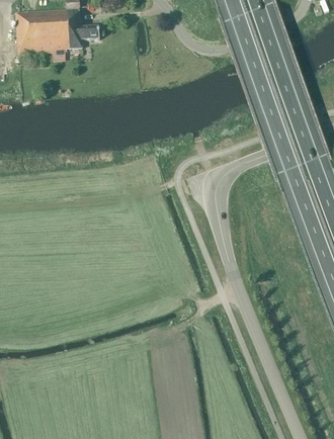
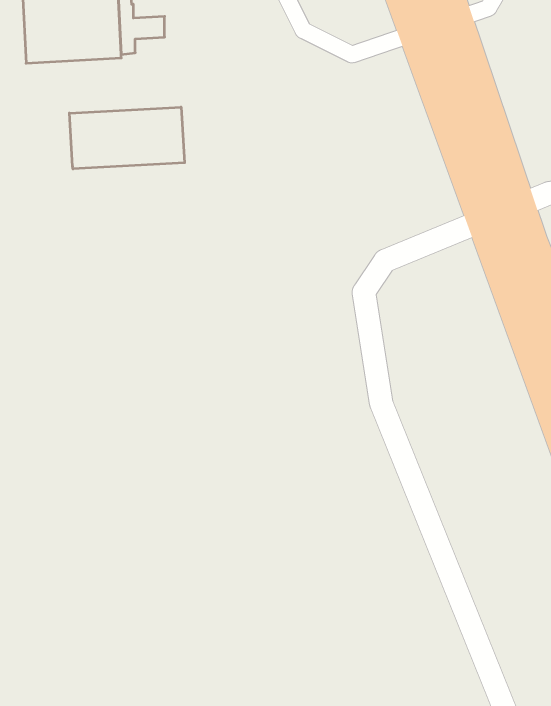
building: none -> [69,107,185,169]

